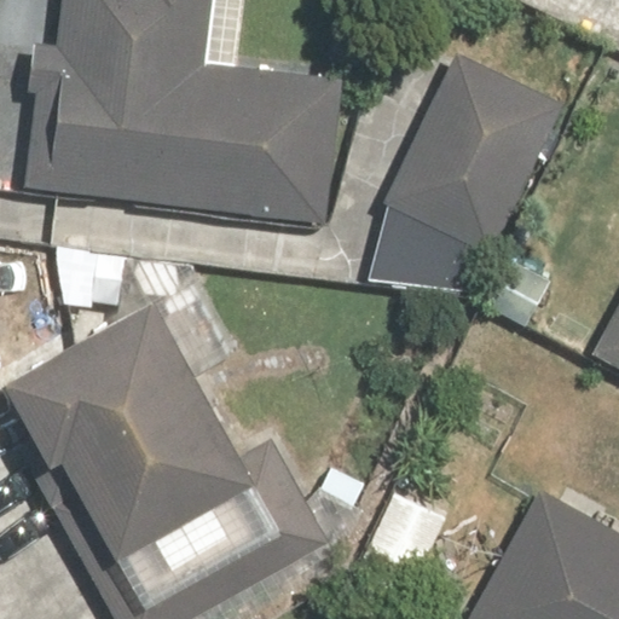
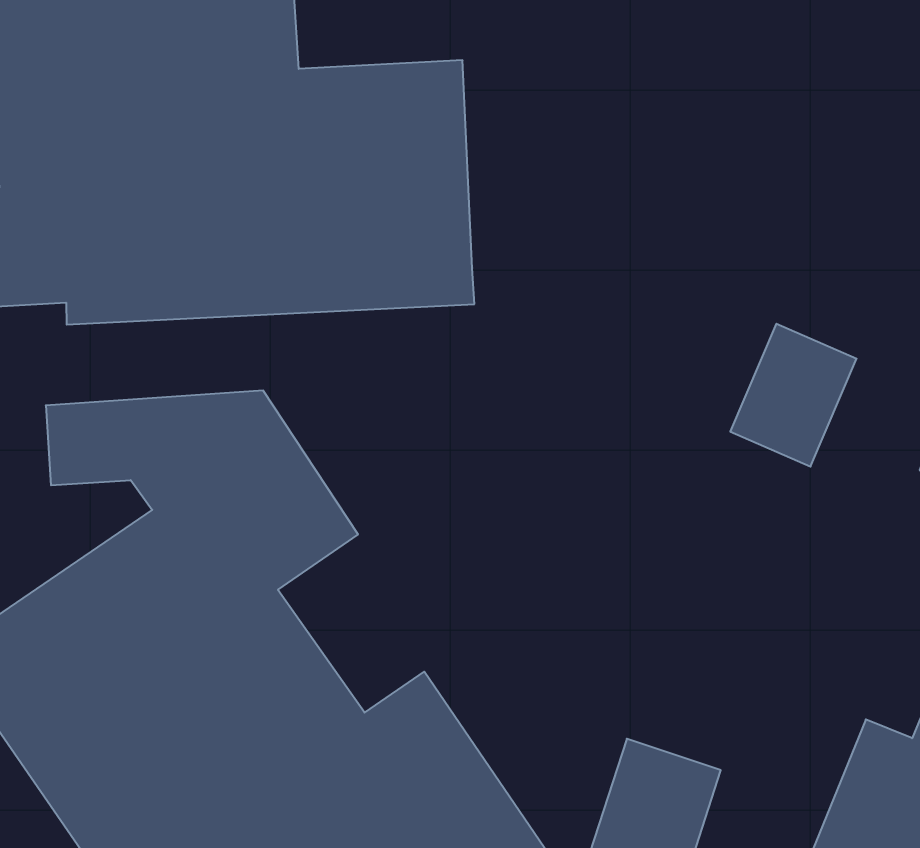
building: [381,57,557,258] -> none

